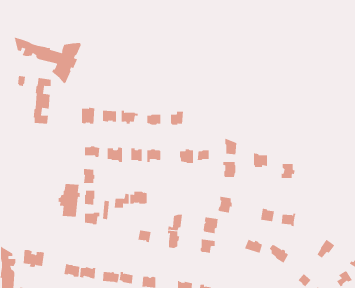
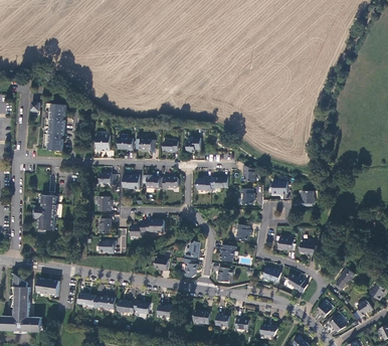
building: [14,36,81,84] -> none
building: [58,184,81,217] -> [33,195,56,229]

